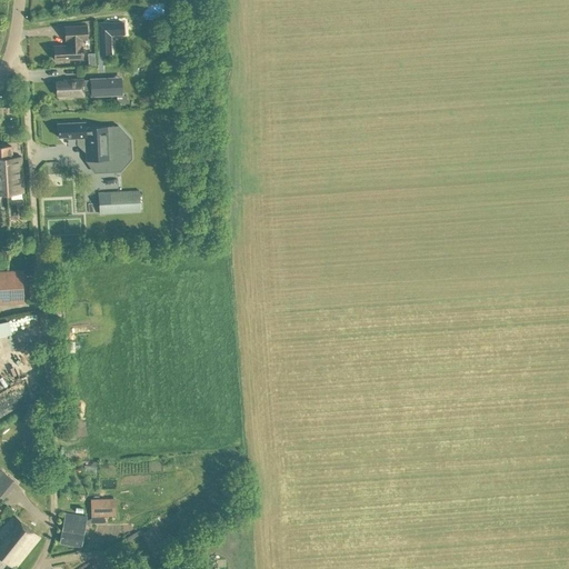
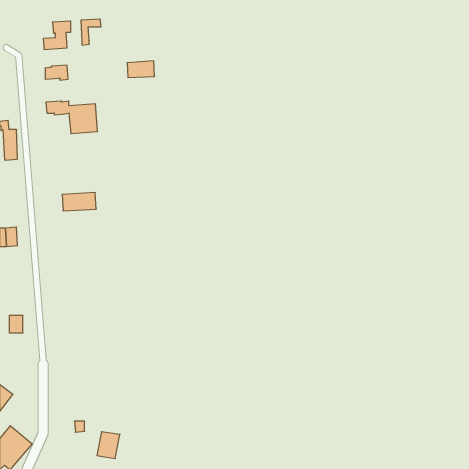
building: [92,76,126,96] -> [127,61,155,77]
building: [98,192,139,214] -> [62,193,96,211]
building: [58,515,86,547] -> [97,432,120,458]

